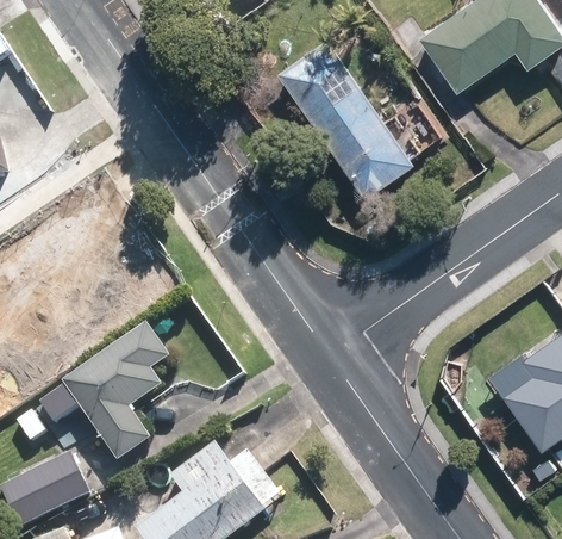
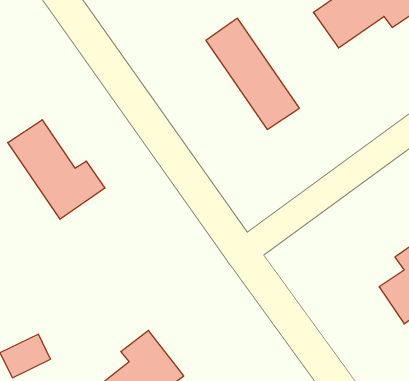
building: none -> [8,120,105,219]
building: [67,332,163,456] -> none

